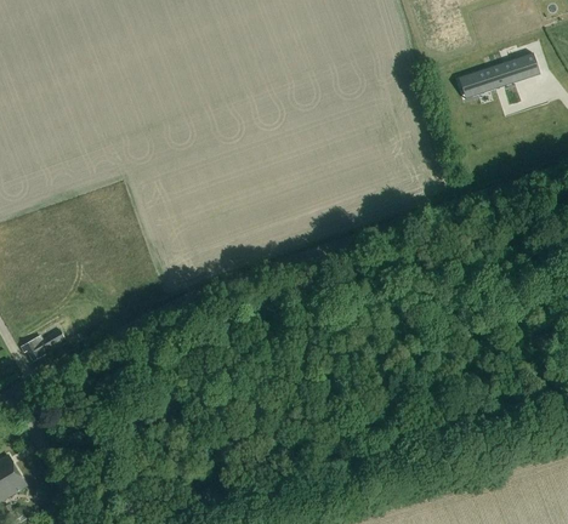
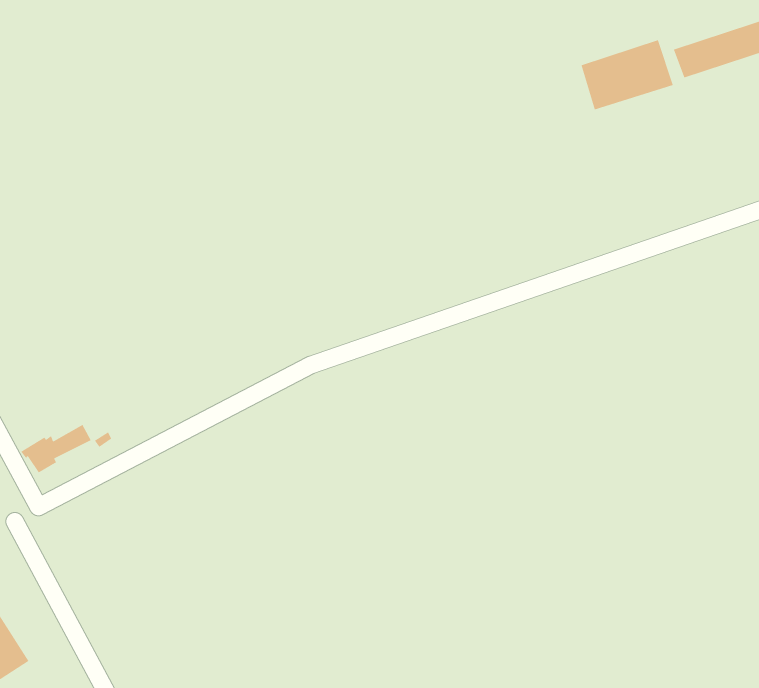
building: none -> [580,39,674,110]

